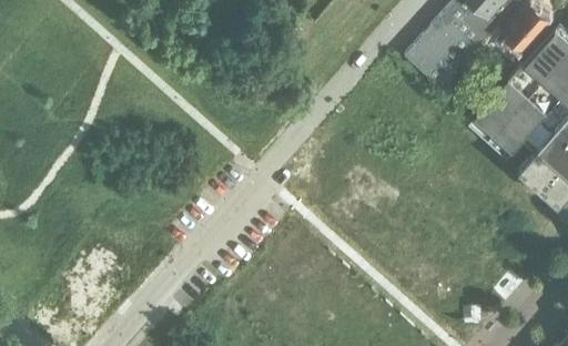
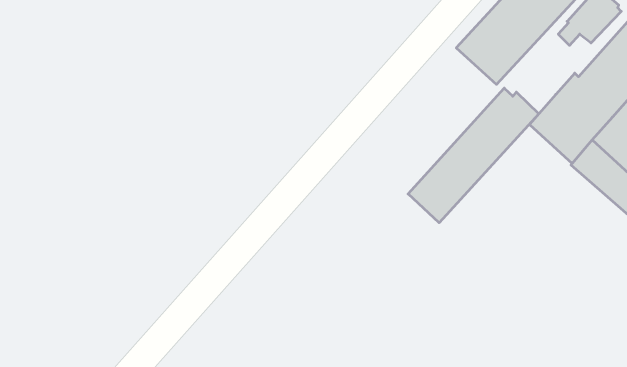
building: none -> [408,88,539,223]

